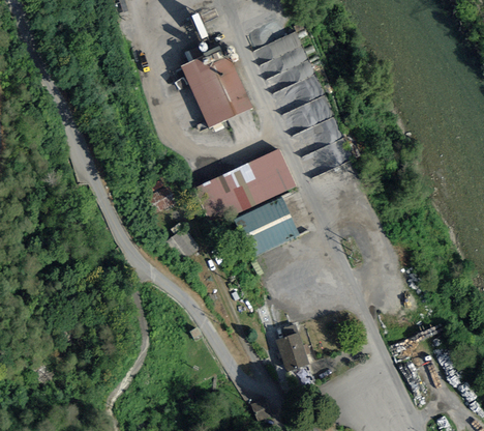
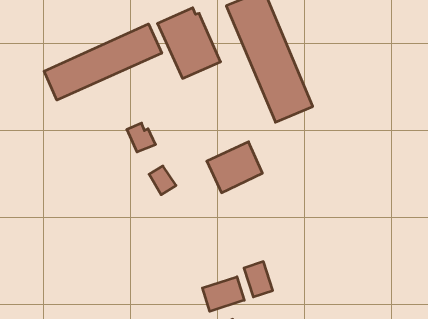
building: none -> [44,24,162,100]
building: [195,148,296,225] -> none
building: none -> [202,277,244,311]

